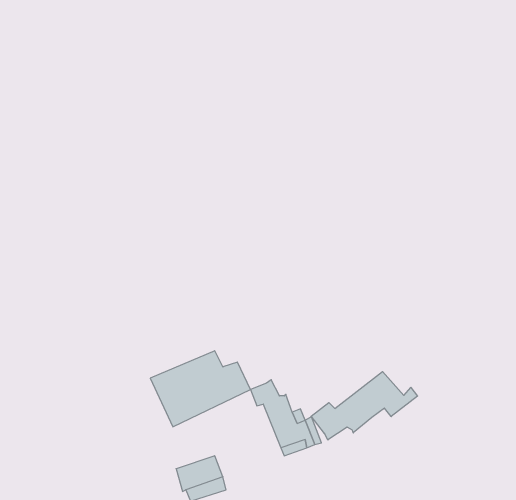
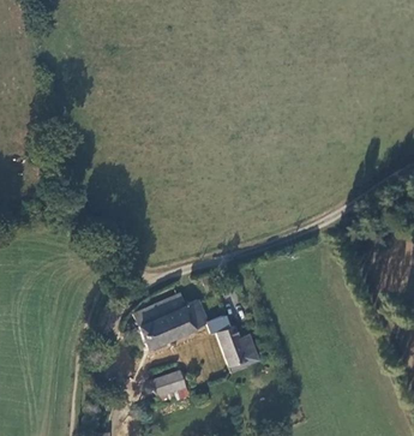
building: [311,372,418,440] -> none

